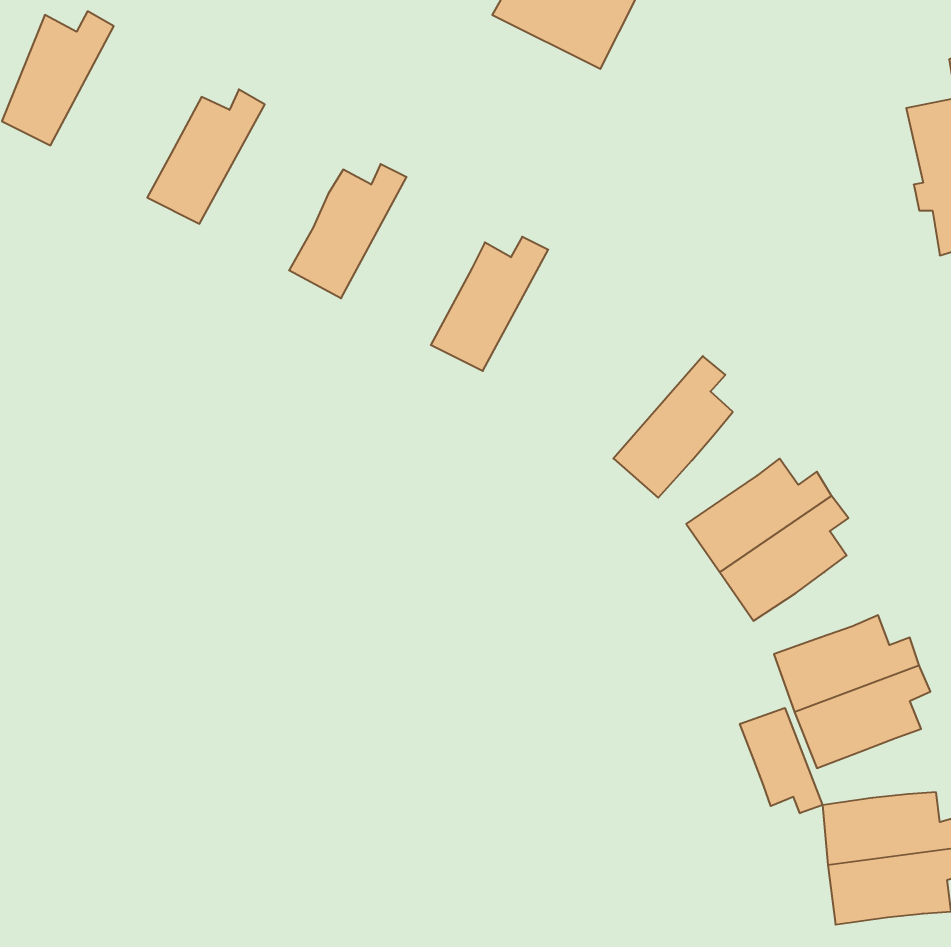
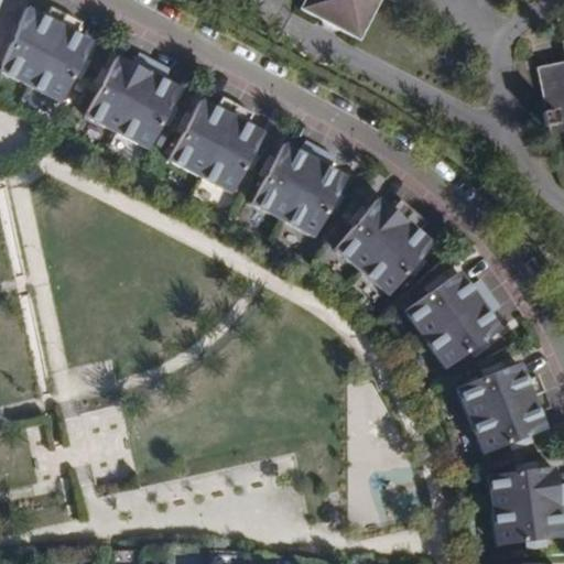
building: none -> [31,15,93,102]
building: none -> [119,62,182,149]
building: none -> [203,105,265,192]
building: none -> [286,148,349,236]
building: none -> [337,197,416,271]
building: [740,708,822,813] -> none

